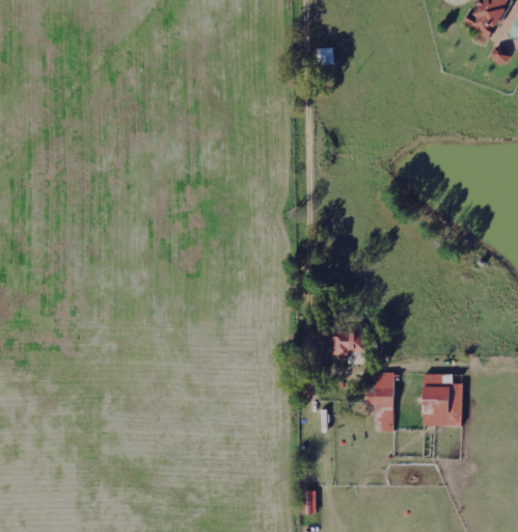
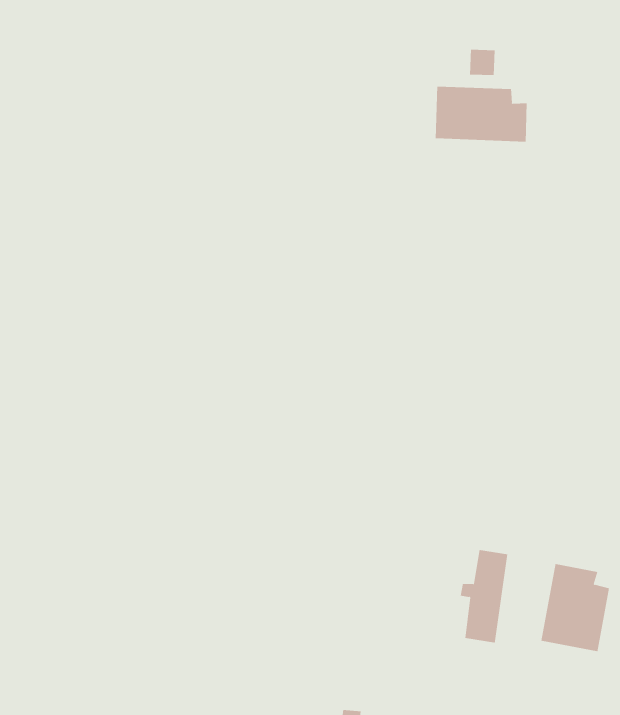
building: none -> [435,86,527,142]
building: [332,334,365,355] -> none

